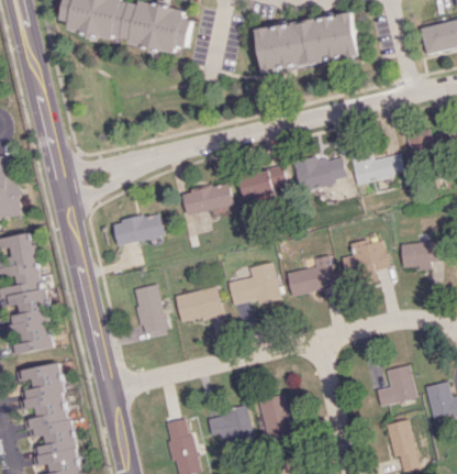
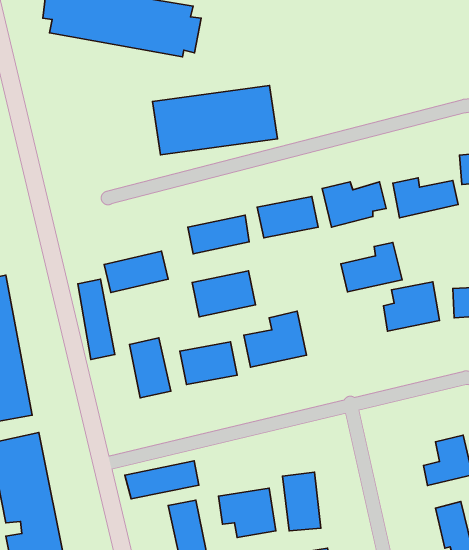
building: [257,14,360,71] -> [153,86,278,155]
building: none -> [192,271,255,317]
building: none -> [78,279,115,359]
building: [287,255,337,296] -> [341,243,402,292]
building: none -> [125,461,199,499]

